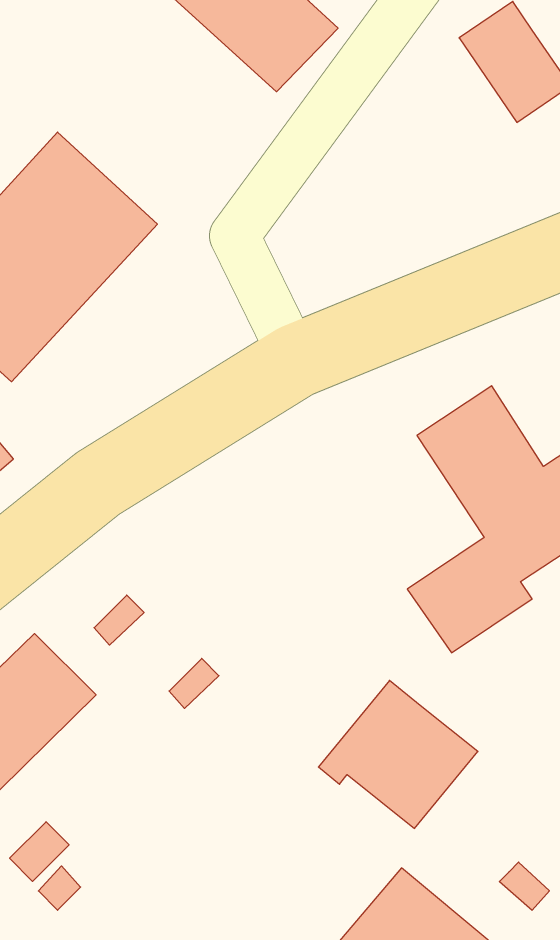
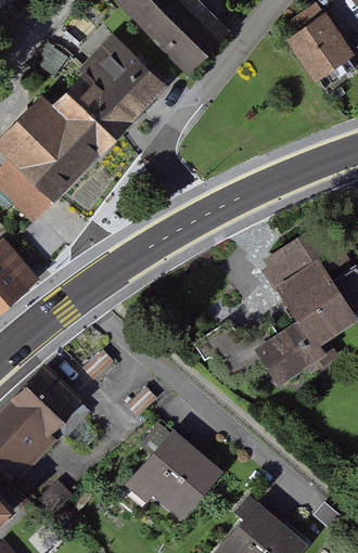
building: none -> [62,36,167,141]
building: [318,680,478,828] -> [129,435,219,518]

